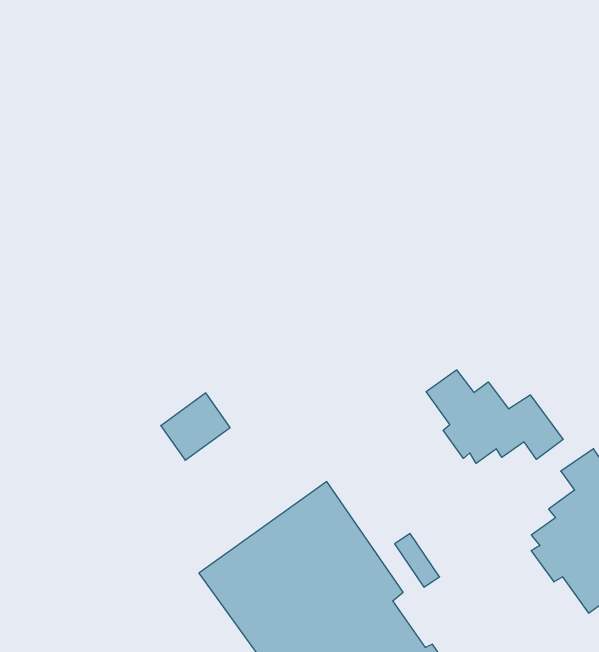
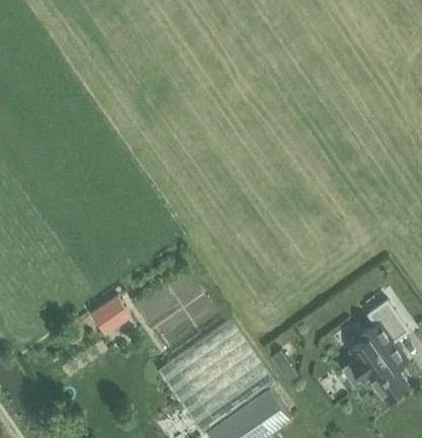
building: [426,370,563,463] -> none
building: [161,393,230,460] -> [90,294,131,334]

